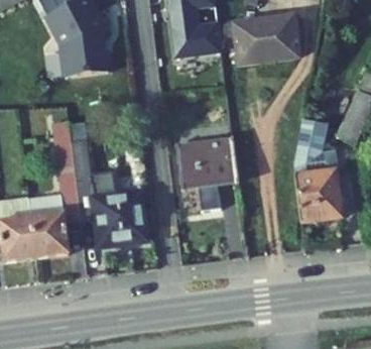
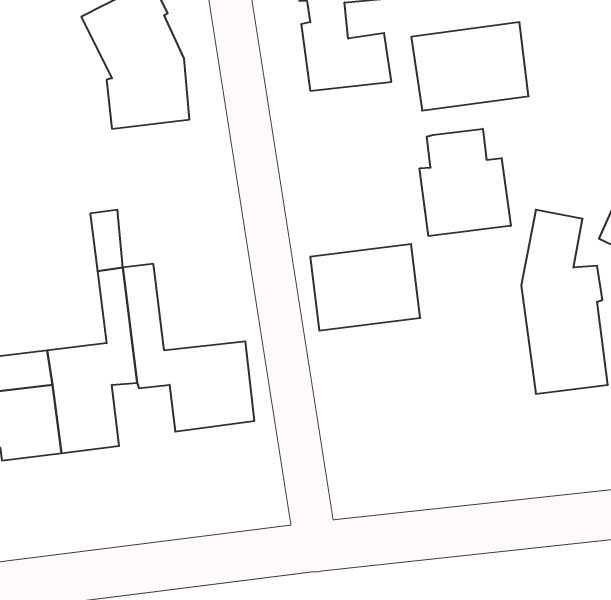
building: none -> [420,129,511,236]

